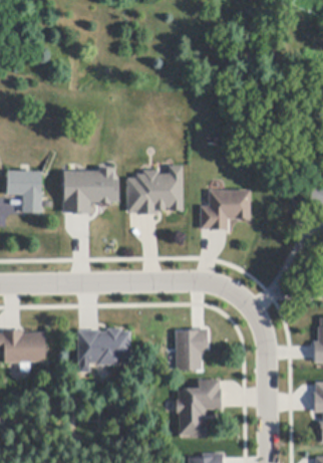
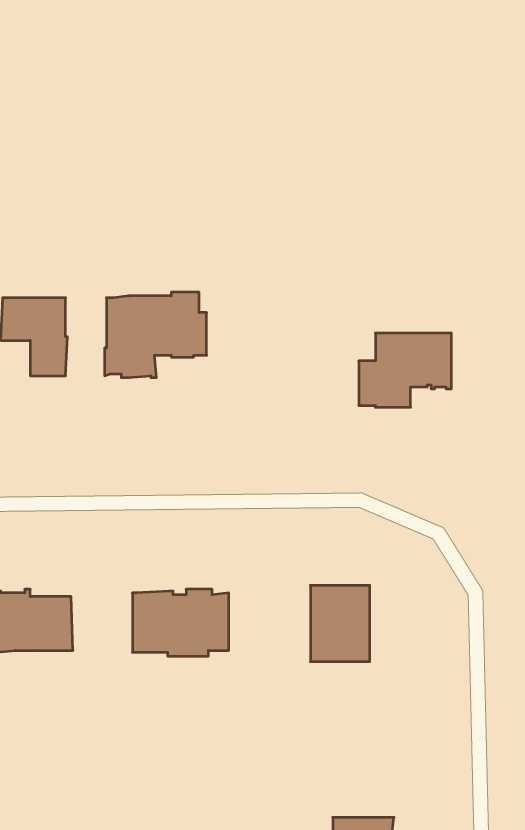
building: [128,166,184,215] -> none
building: [177,379,222,435] -> none

